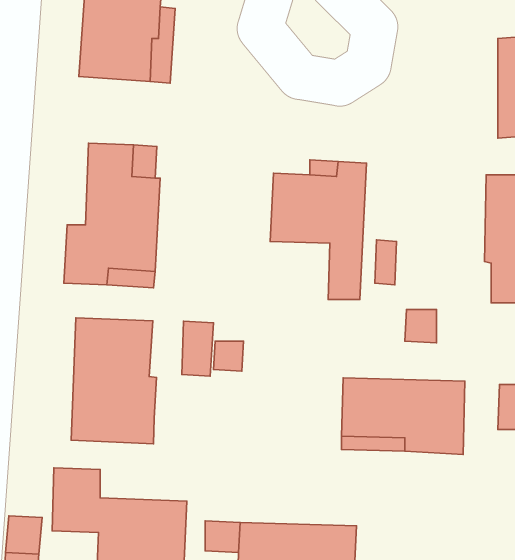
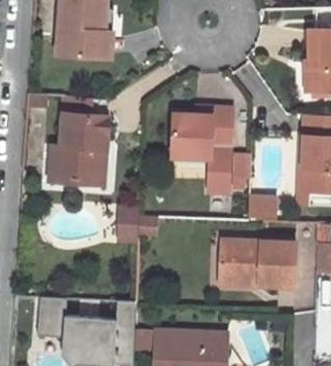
building: [71,318,156,444] -> none

